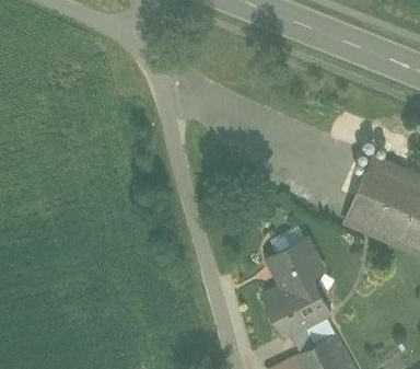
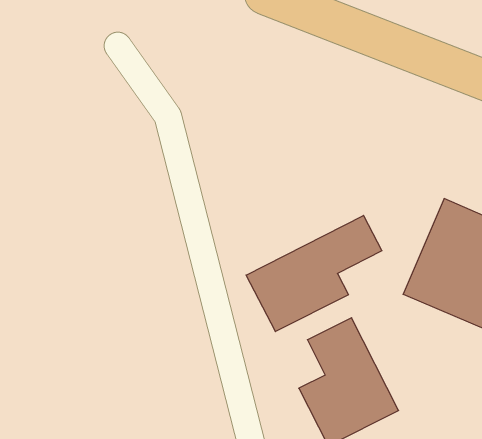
building: none -> [246,215,382,332]

